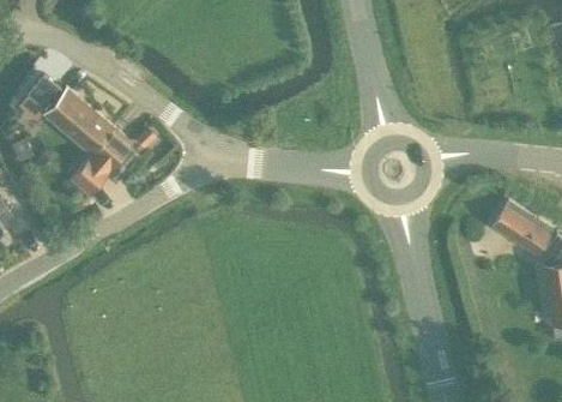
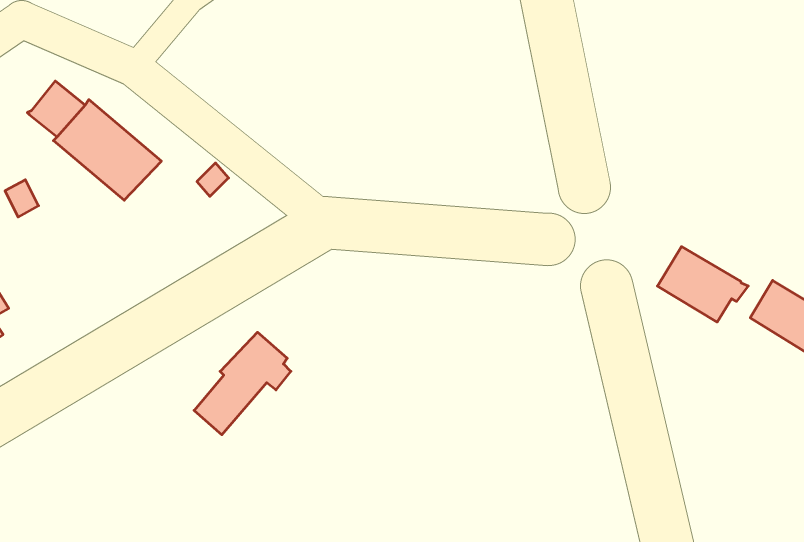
building: [72,128,134,194] -> [194,332,291,435]
building: none -> [657,247,748,322]

